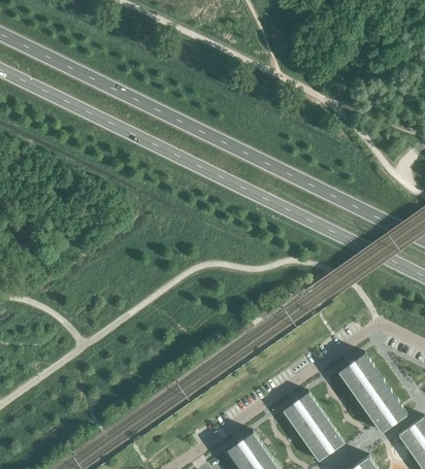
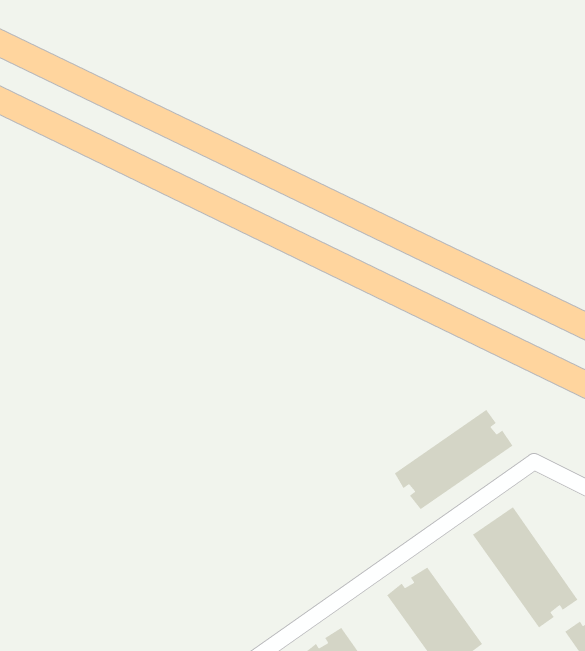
building: none -> [394,409,513,510]

